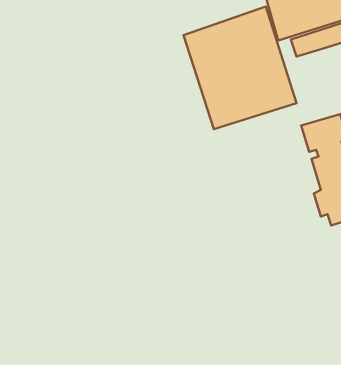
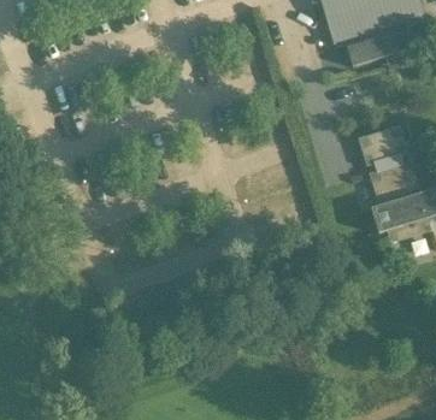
building: [183,6,297,129] -> none

